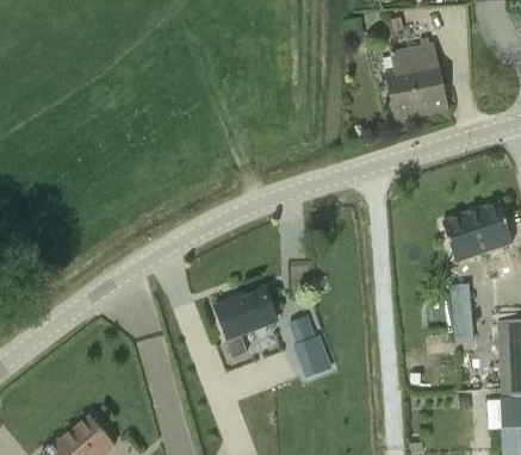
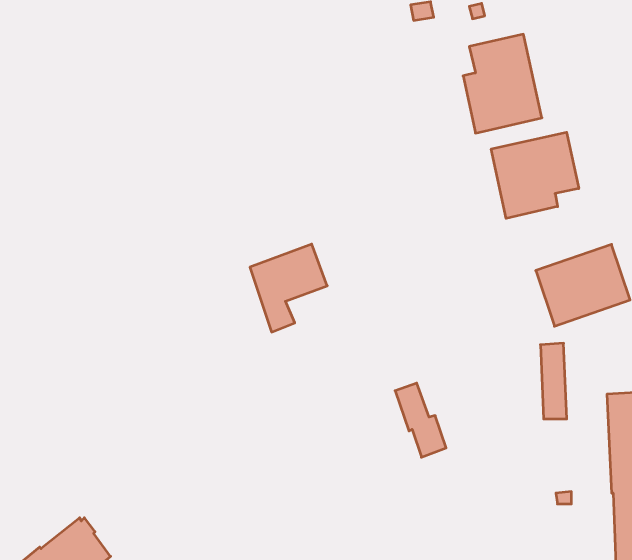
building: none -> [491,132,579,218]
building: [216,287,275,355] -> [250,244,327,332]
building: [289,316,328,373] -> [395,383,446,457]

